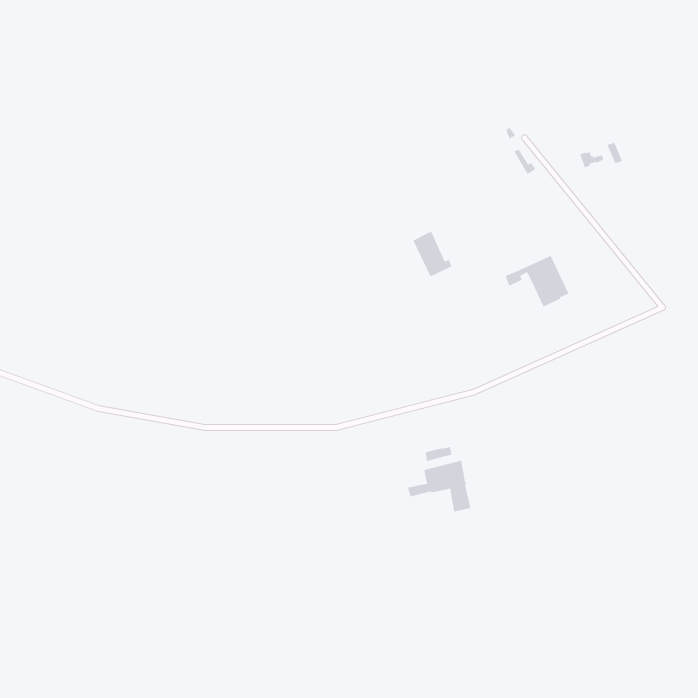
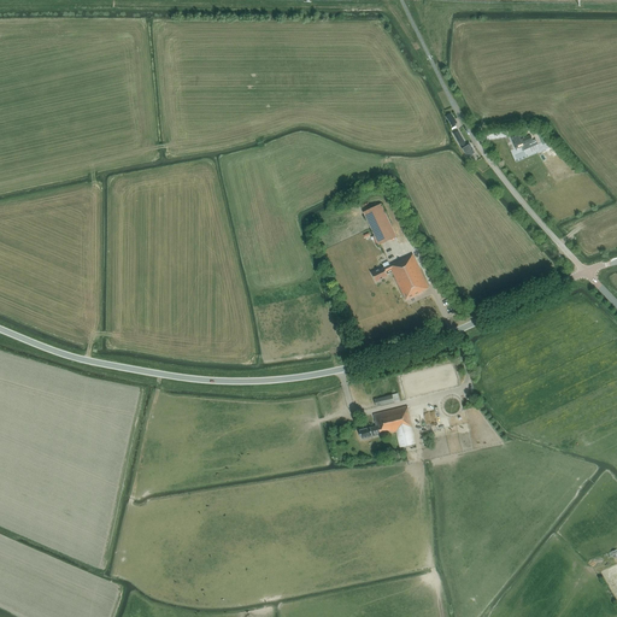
building: [505,255,569,307] -> [372,254,429,300]

